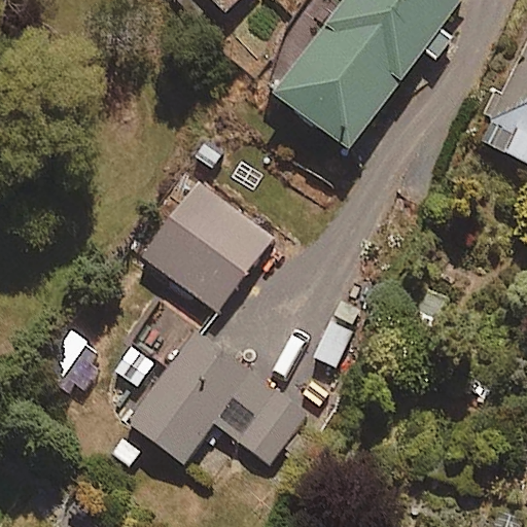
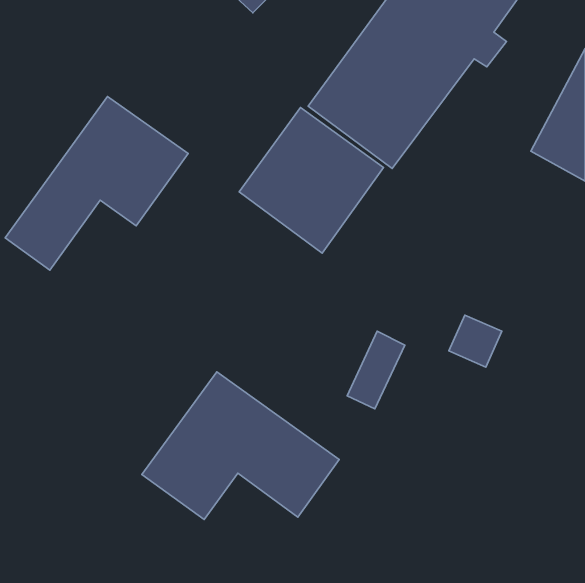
building: none -> [5,96,188,270]
building: [142,182,271,312] -> [239,108,383,253]

